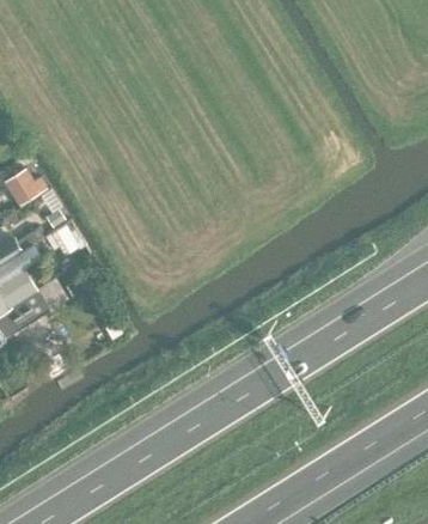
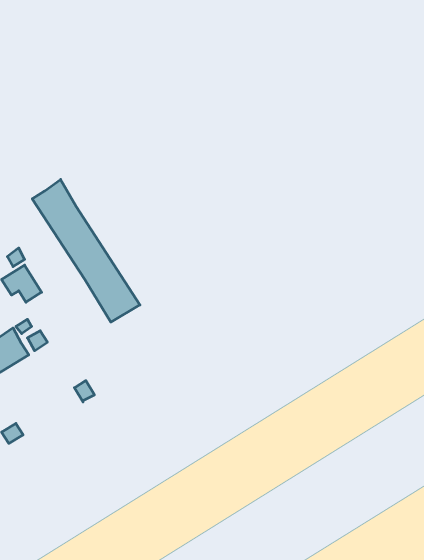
building: none -> [32,179,140,322]

